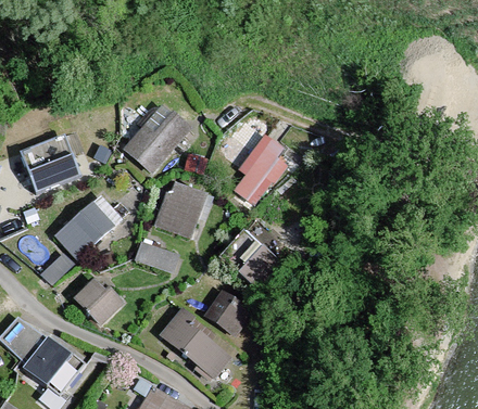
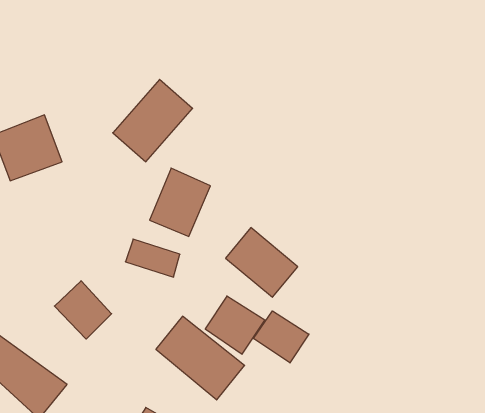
building: [232,136,287,208] -> none
building: [54,194,123,261] -> none
building: none -> [253,311,309,363]

